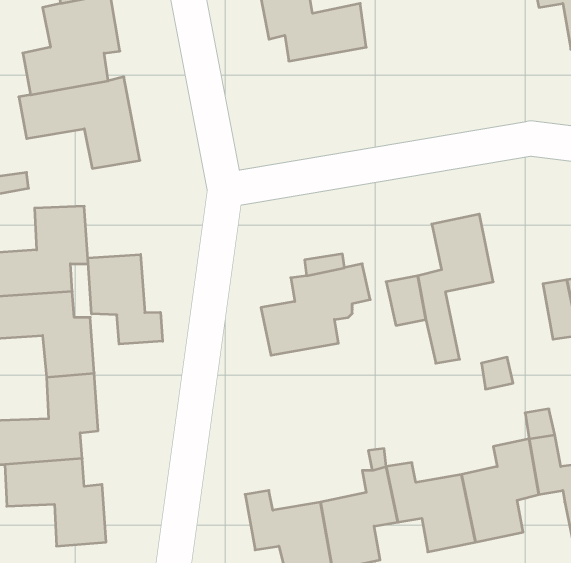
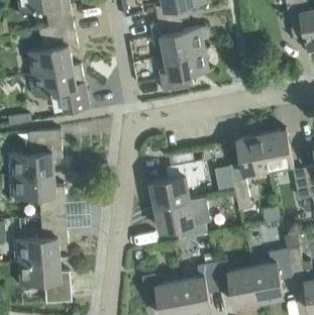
building: none -> [159,49,207,92]
building: none -> [260,129,292,169]
building: [88,254,163,344] -> none
building: none -> [154,197,208,239]

